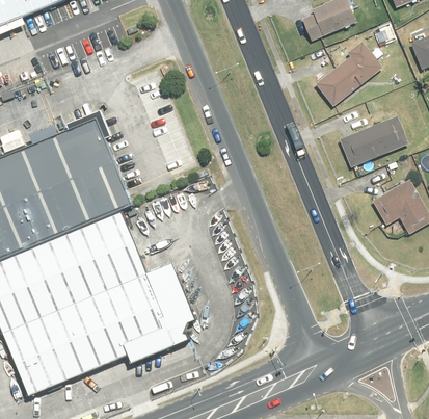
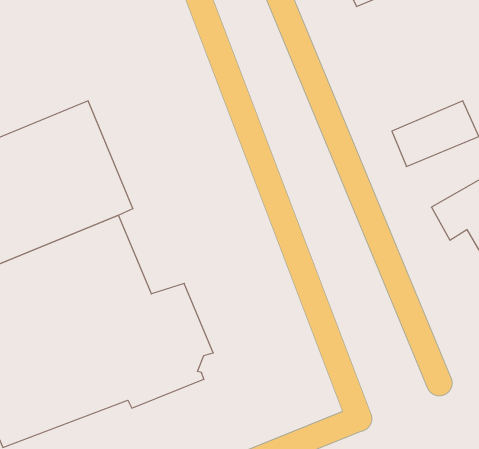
building: [314,43,381,108] -> none

